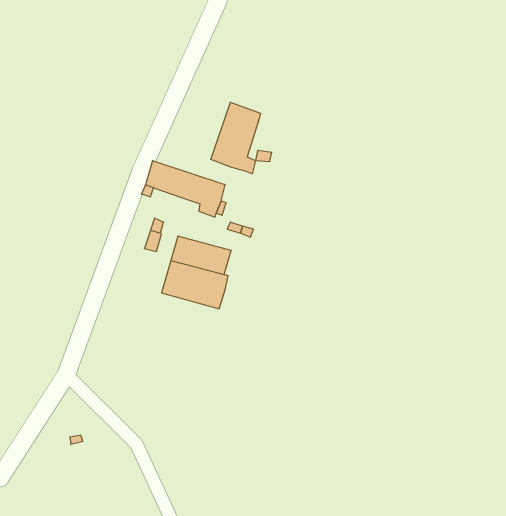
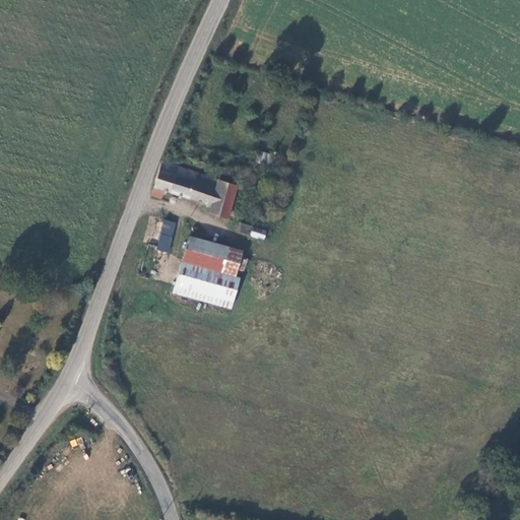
building: [211,102,261,174] -> none

